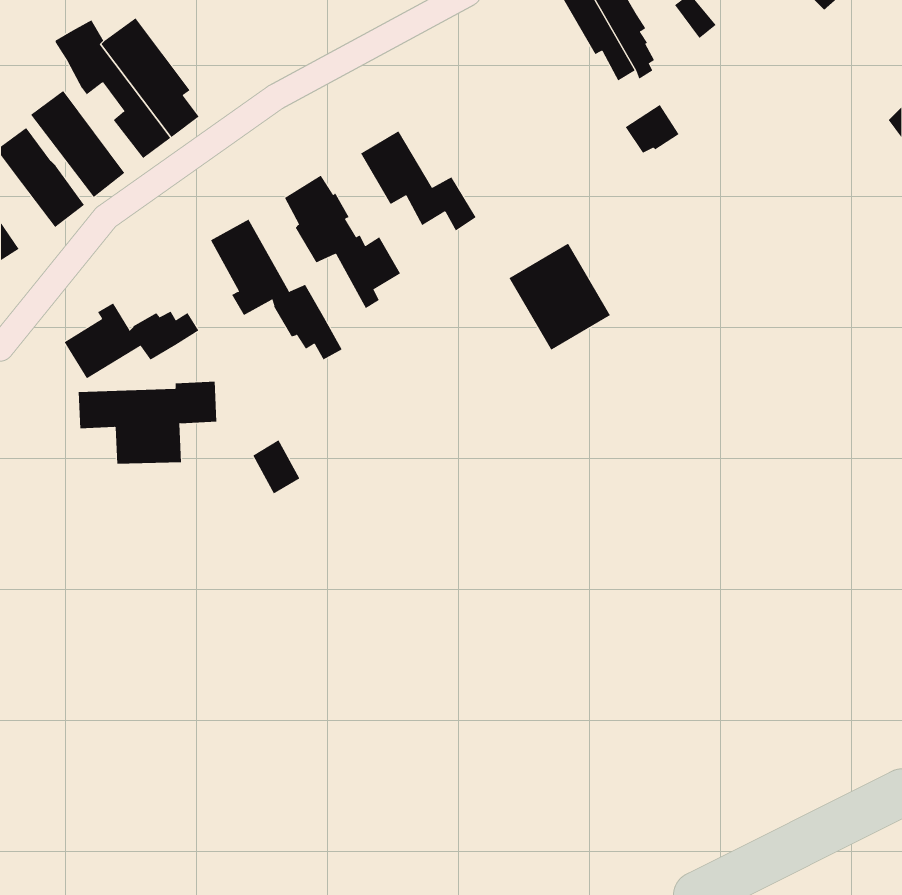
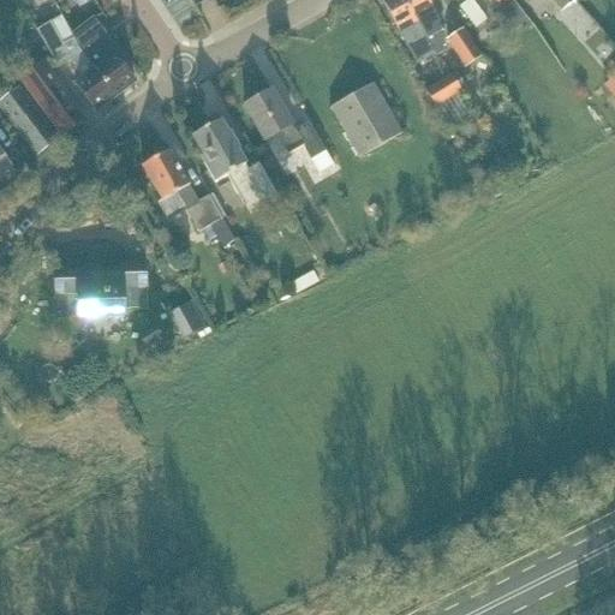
building: none -> [446,25,482,65]
building: [508,243,611,350] -> [332,80,401,154]
building: [64,302,199,379] -> none

